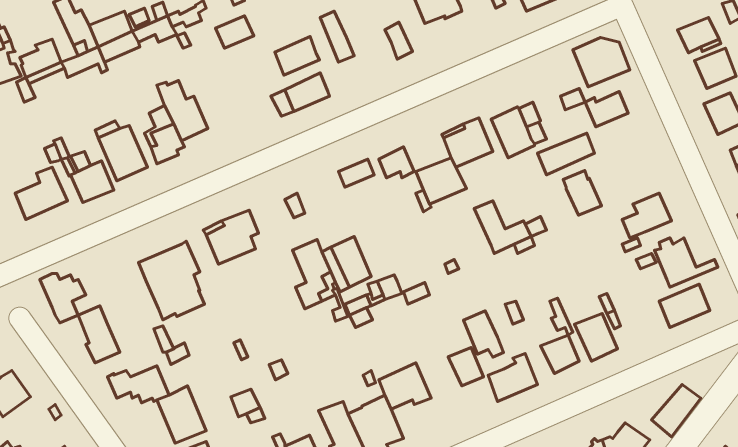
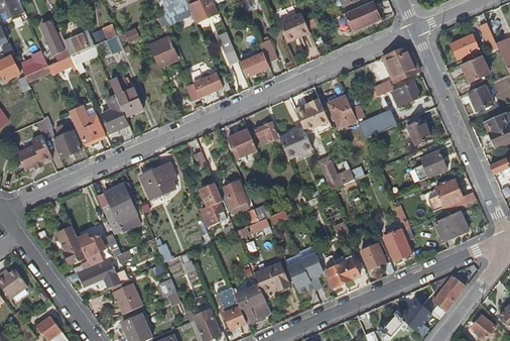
building: [275,37,319,75] -> [240,52,269,78]
building: [563,170,602,215] -> [406,115,431,144]
building: [40,273,86,323] -> [78,233,108,265]
building: [464,311,504,357] -> [287,260,313,291]

